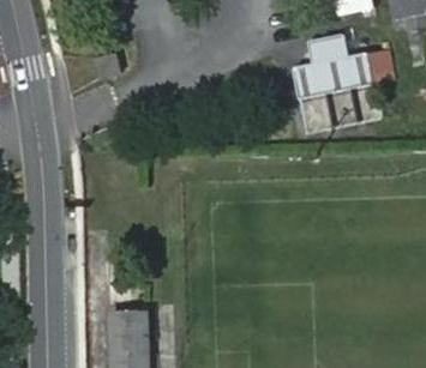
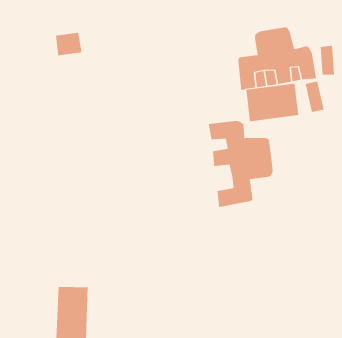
building: none -> [208,120,273,208]

